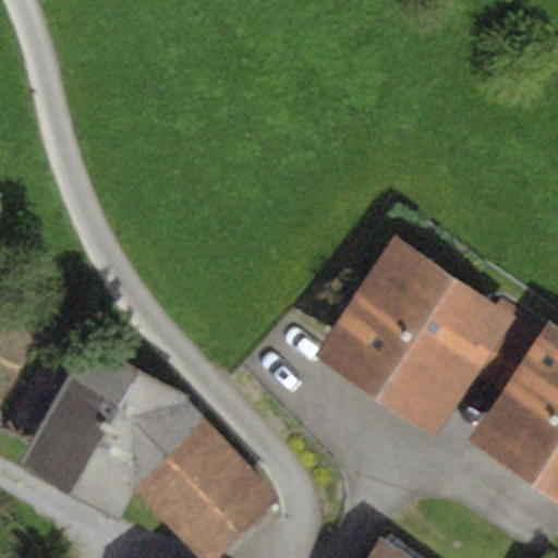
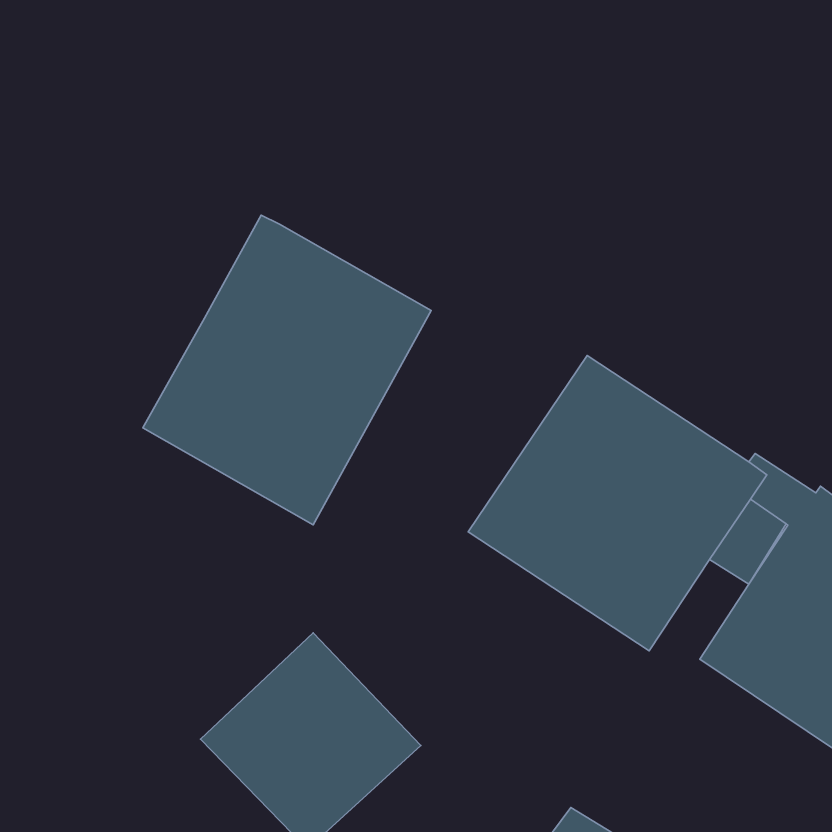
building: none -> [143,215,431,525]
building: [17,340,210,520] -> none

